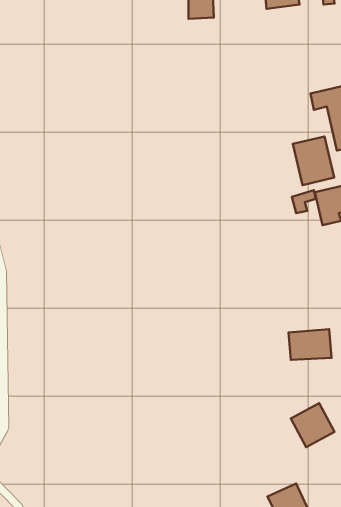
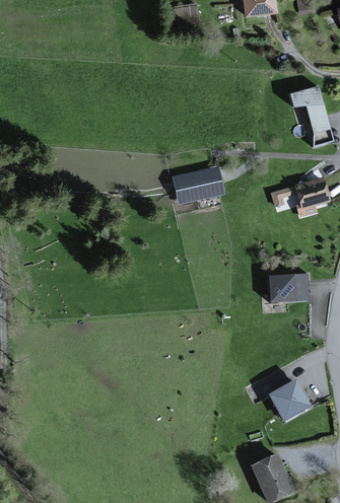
building: [293,137,334,185] -> none
building: none -> [176,168,223,202]
building: [289,329,331,360] -> [270,273,310,301]

